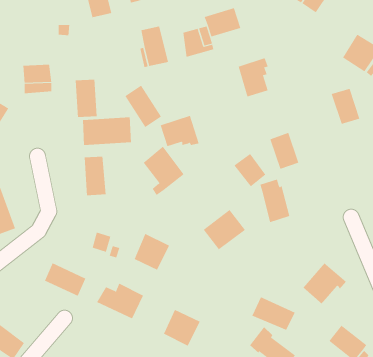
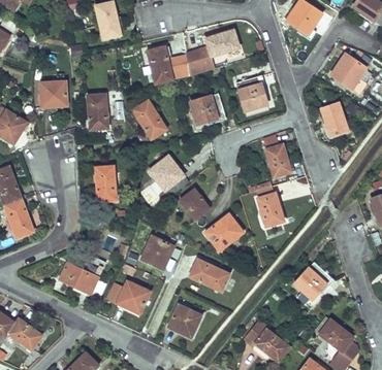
building: [160,115,200,147] -> [189,93,225,122]
building: [82,116,131,146] -> none
building: [233,153,266,187] -> [179,189,209,220]
building: [251,297,296,331] -> [189,259,229,290]

